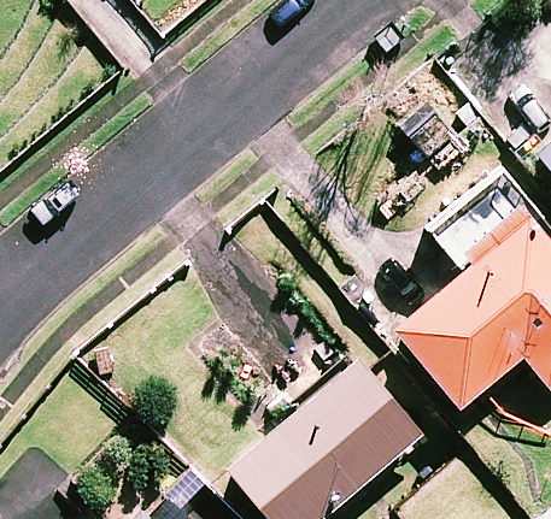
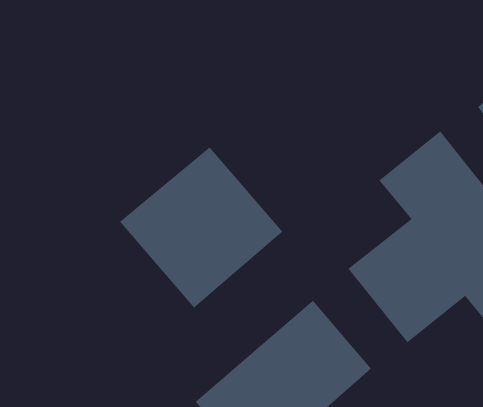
building: none -> [119,146,283,308]

